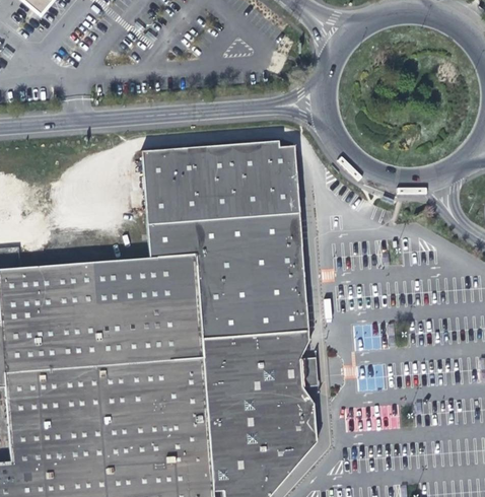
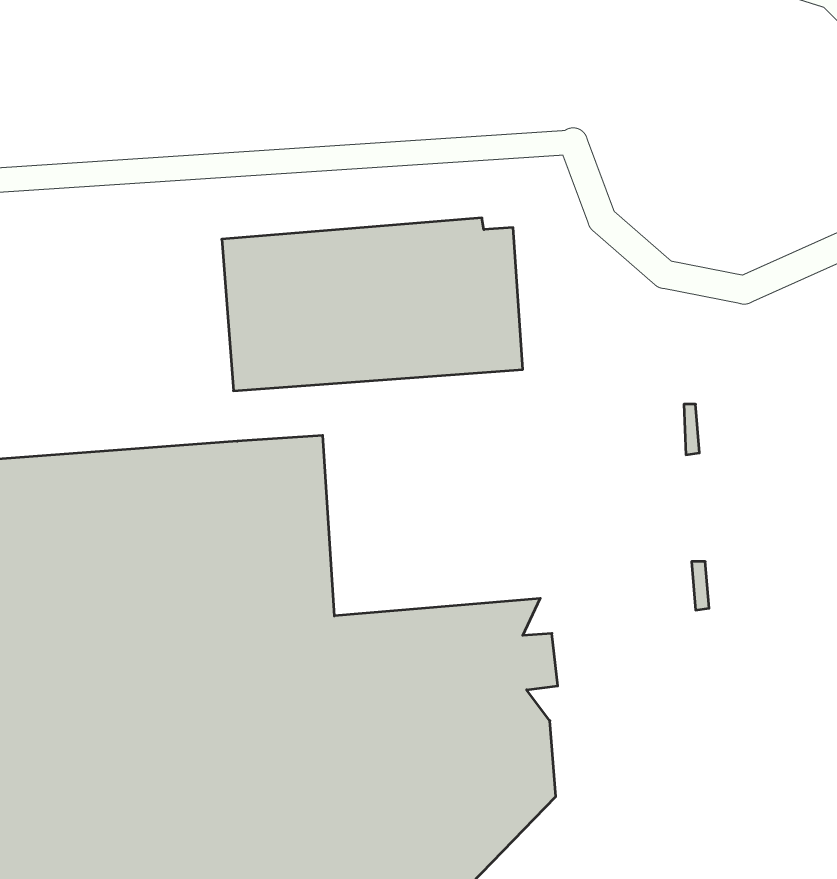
building: [147,221,307,350] -> none

